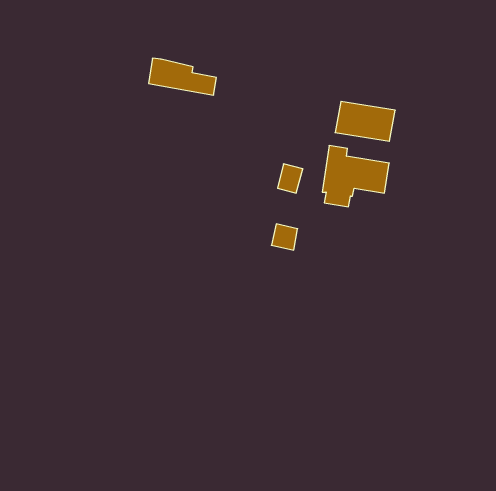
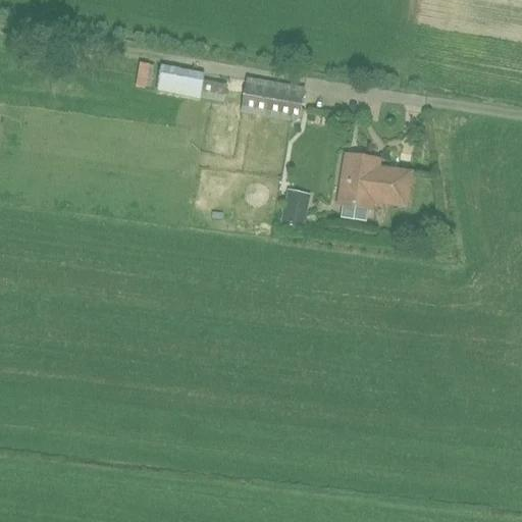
building: [335,101,395,141] -> [241,76,304,118]
building: [271,224,298,250] -> [279,201,307,228]

